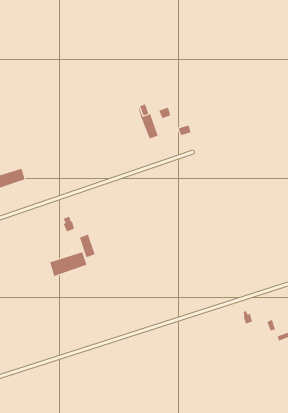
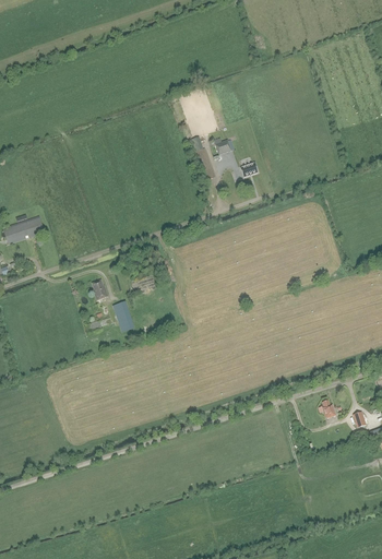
building: [49,252,87,277] -> none

